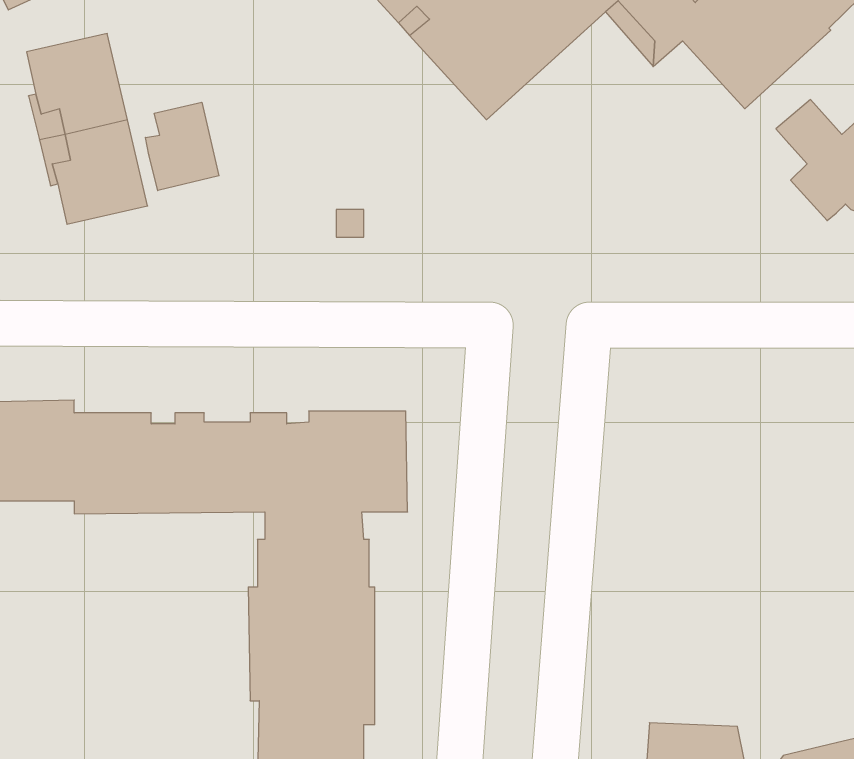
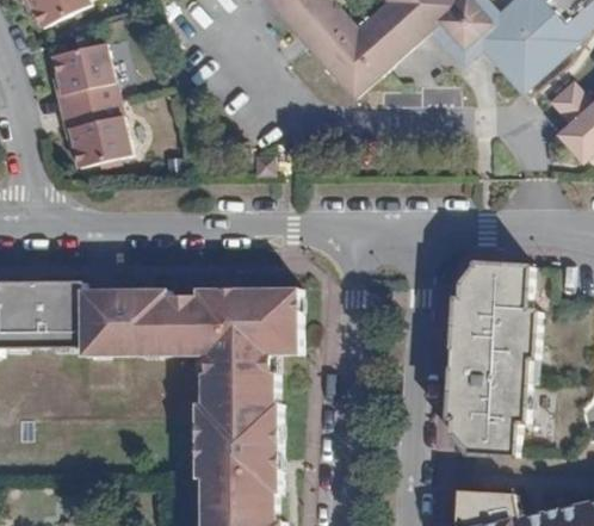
building: [145,102,219,191] -> none
building: none -> [450,264,539,456]

